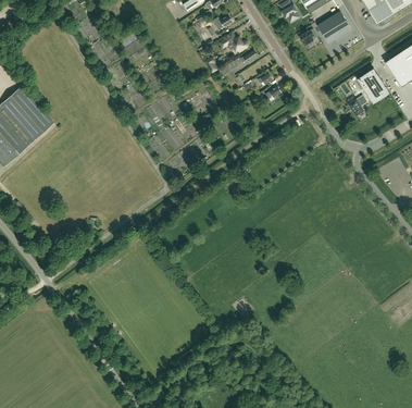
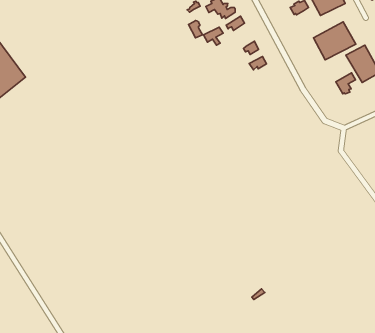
building: none -> [314,22,356,60]

